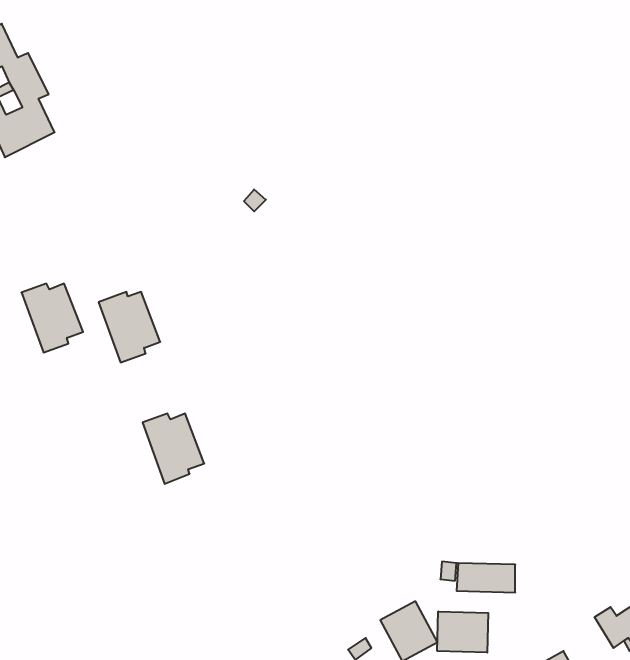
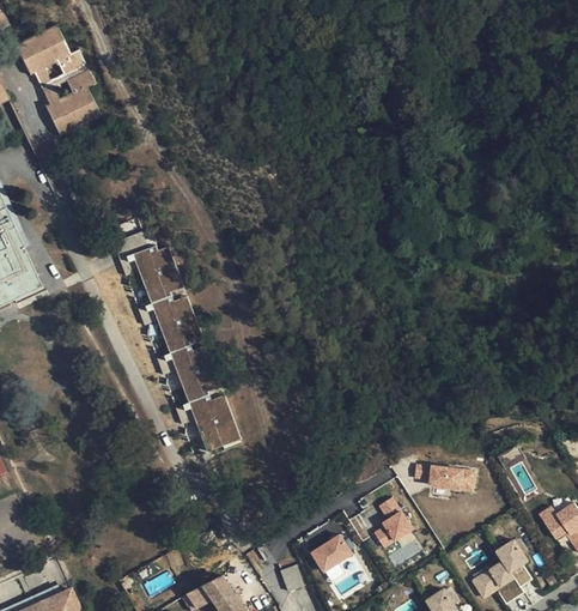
building: [21,284,83,352] -> [152,295,202,351]
building: none -> [188,393,238,449]
building: [437,611,488,653] -> none

